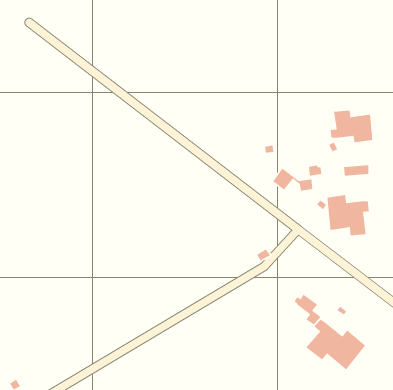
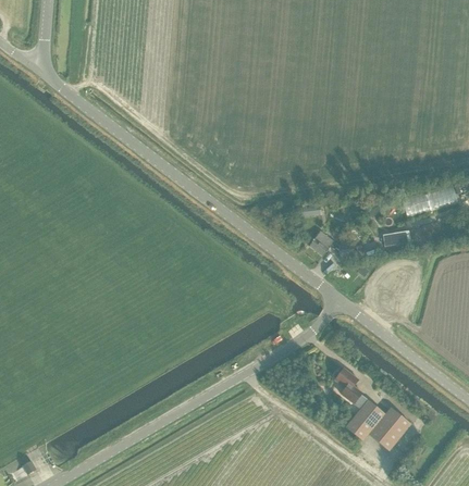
building: [330,110,373,143] -> none
building: [327,194,370,236] -> none

